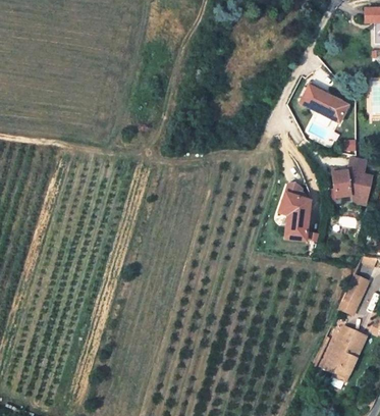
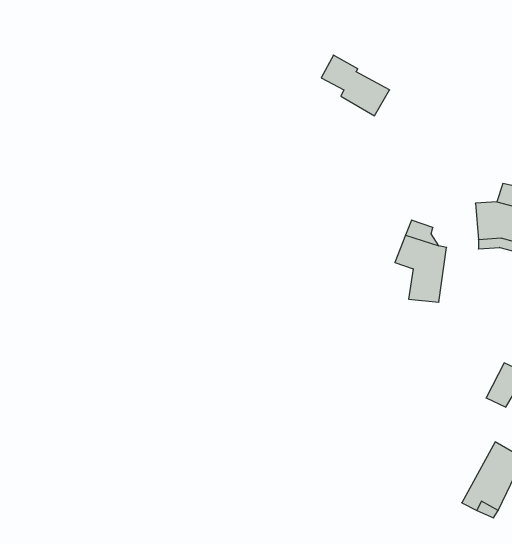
building: [302,83,347,123] -> [321,55,390,116]

